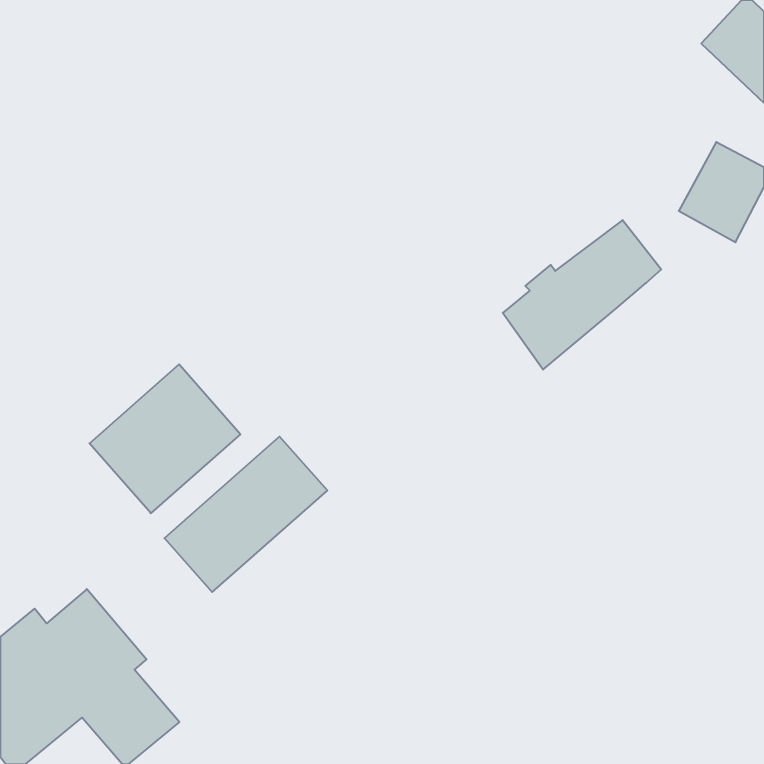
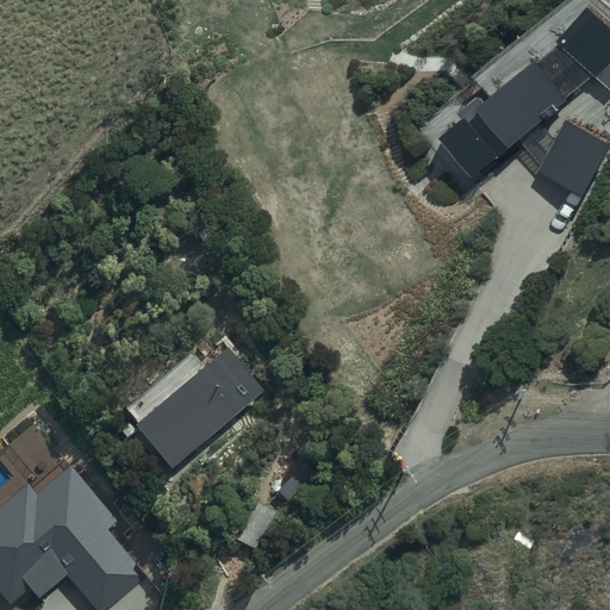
building: [503,220,661,370] -> [446,52,572,172]
building: [89,364,240,513] -> none

